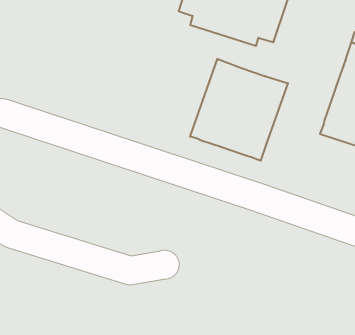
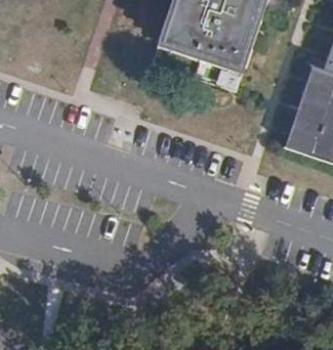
building: [190,59,288,161] -> none

